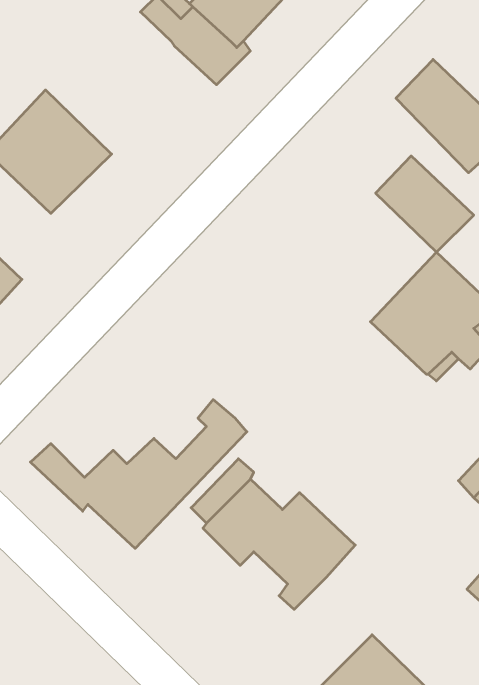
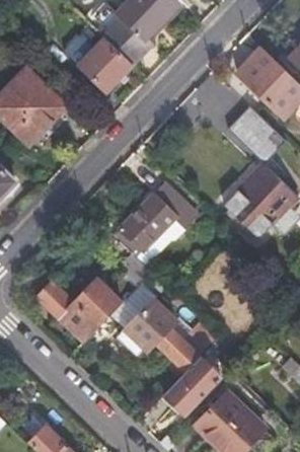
building: none -> [78,37,131,91]
building: none -> [111,184,193,263]
building: none -> [162,359,219,417]

